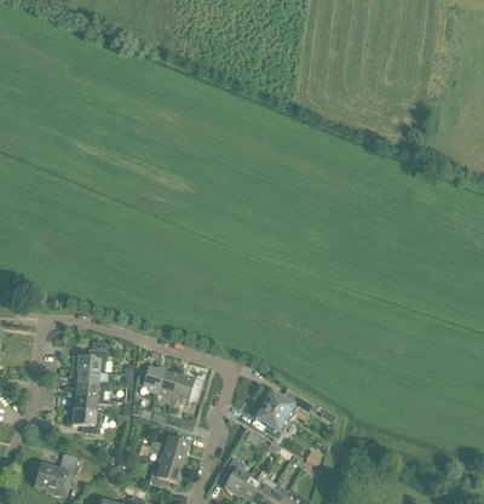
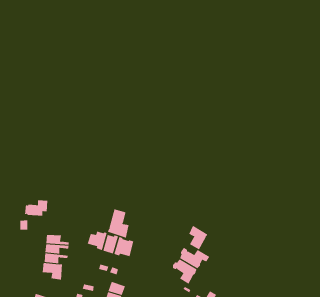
building: none -> [107,208,129,238]
building: [74,348,108,371] -> [24,200,48,216]
building: none -> [188,225,208,250]

